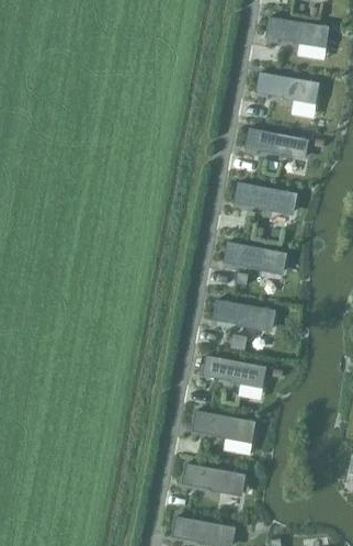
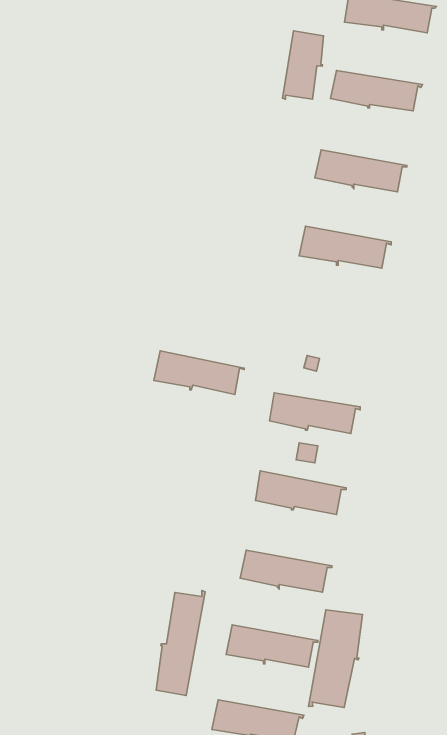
building: none -> [282,31,324,99]
building: [224,242,287,272] -> [154,351,244,395]
building: none -> [156,591,205,696]
building: none -> [308,610,363,707]

